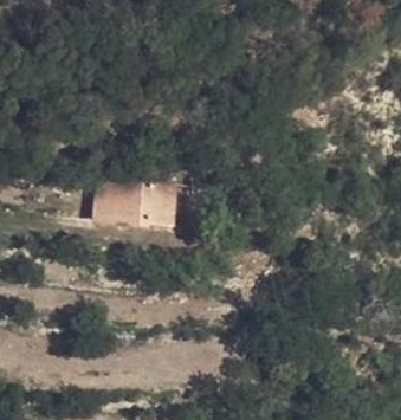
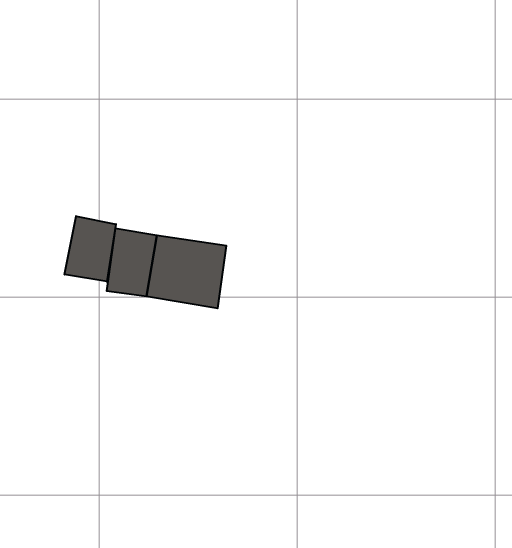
building: none -> [65,216,116,282]

